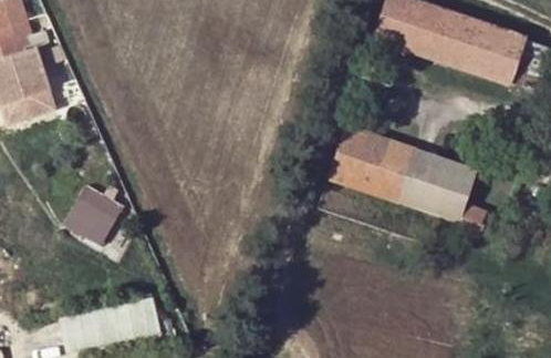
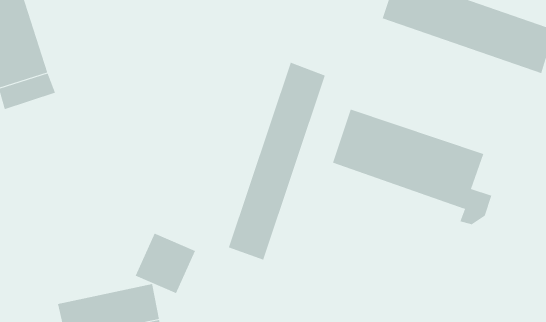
building: none -> [228,62,326,261]
building: [69,182,128,242] -> [135,233,196,294]

